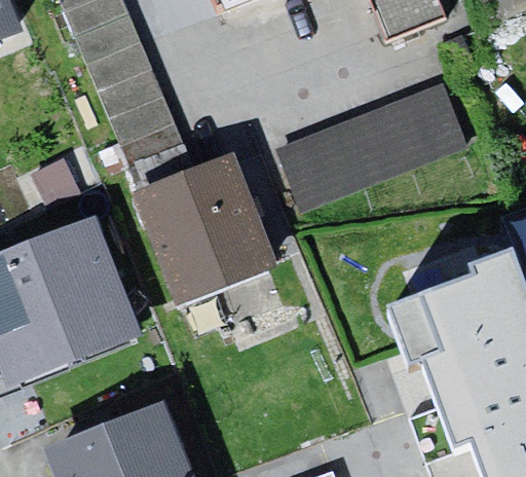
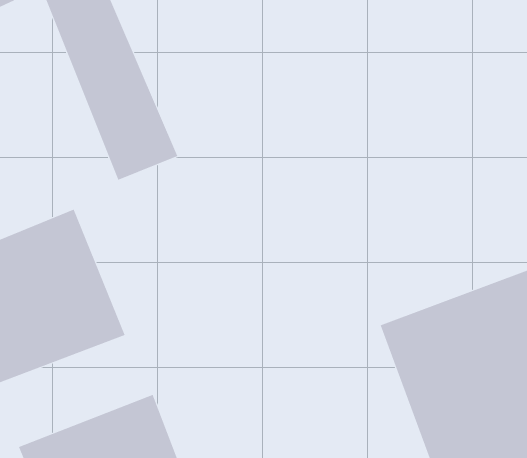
building: [269,76,472,212] -> none
building: [129,153,277,307] -> none

